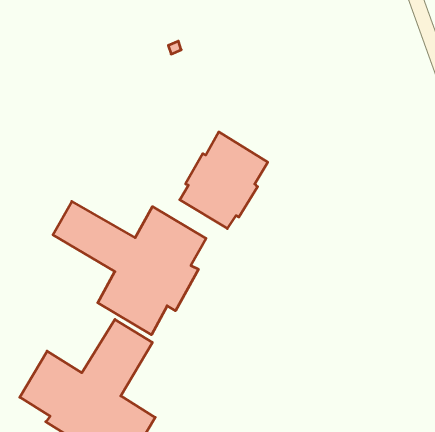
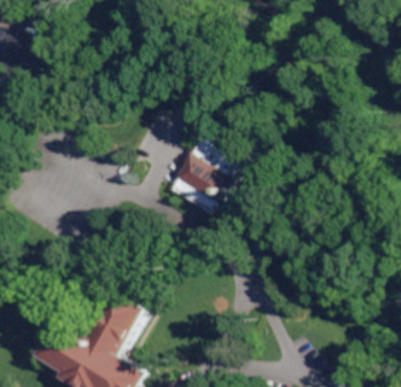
building: [53,201,206,335] -> none

